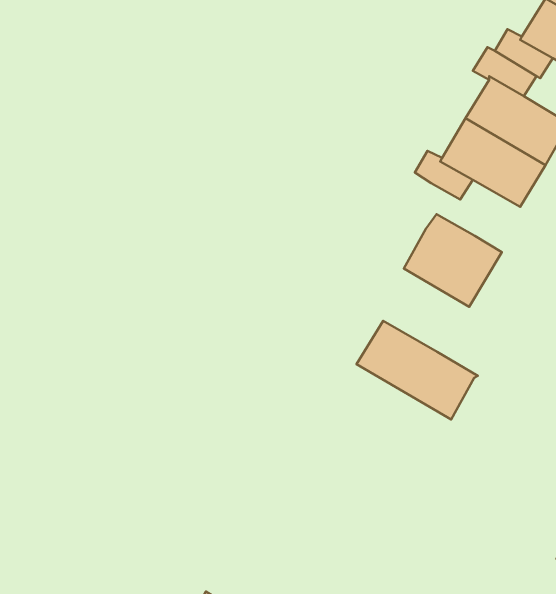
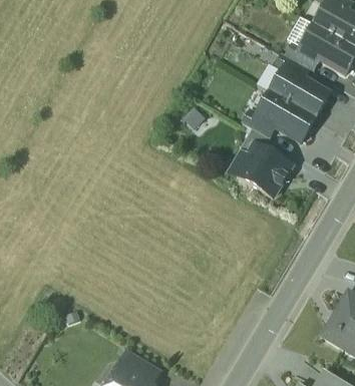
building: none -> [241,126,283,155]
building: [356,321,478,419] -> none

